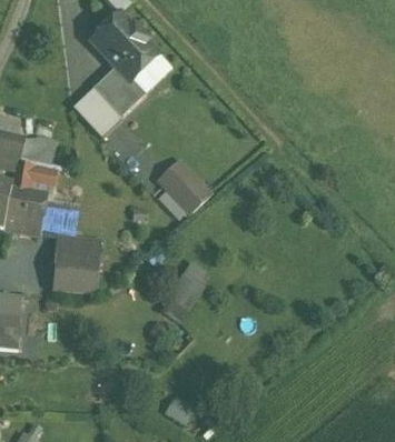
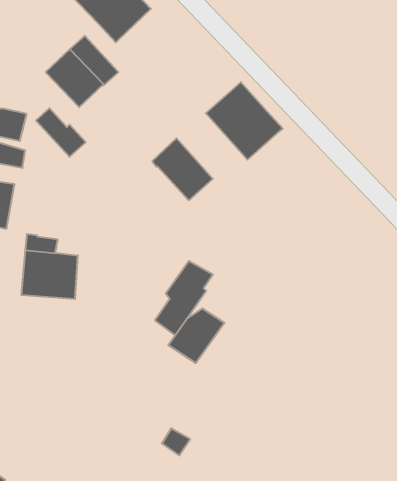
building: [105,66,146,106] -> [36,108,86,157]
building: none -> [206,82,283,160]
building: none -> [168,308,224,363]

